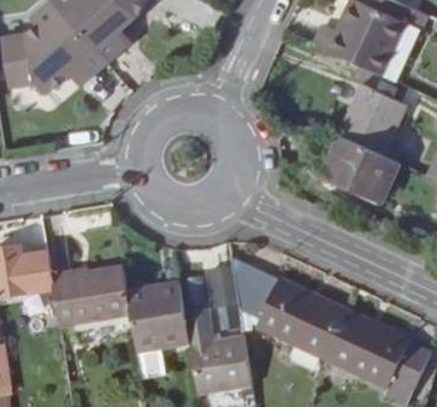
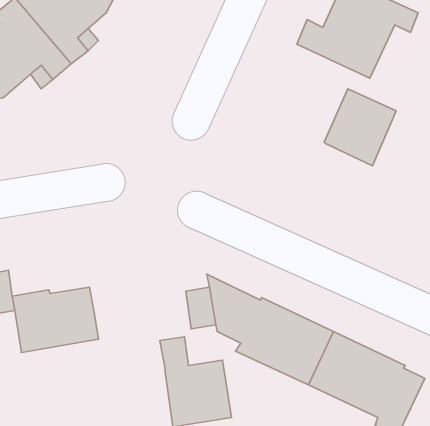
building: [320,135,396,200] -> none
building: [125,282,190,354] -> none

